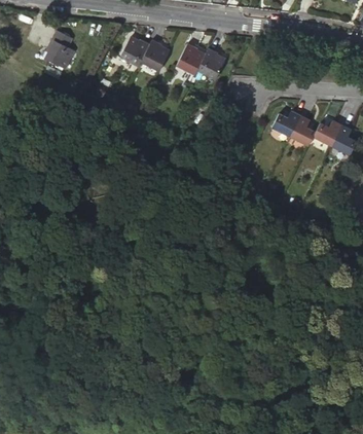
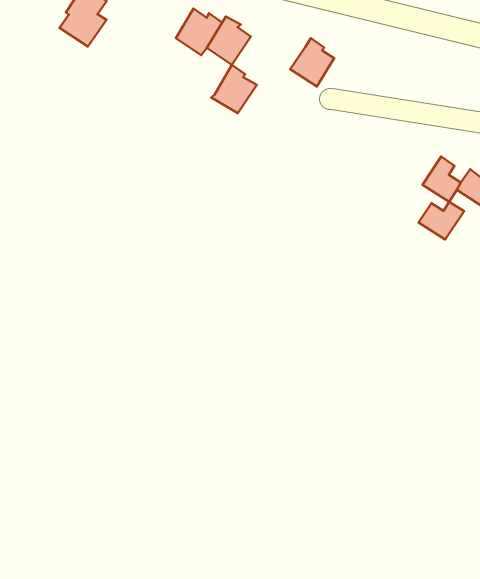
building: [176,43,205,74] -> [211,65,257,113]
building: [271,111,300,136] -> [419,202,464,239]

